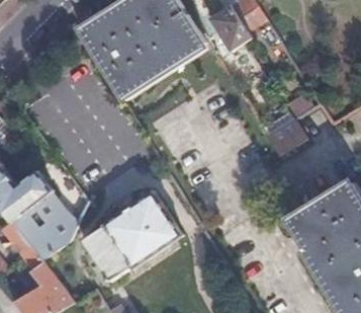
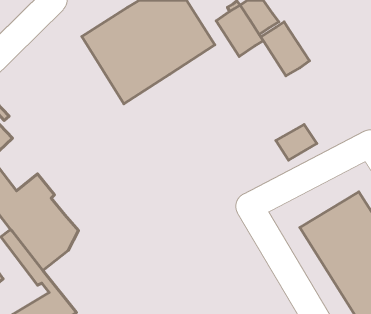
building: none -> [261,22,309,76]
building: [82,188,183,282] -> none

